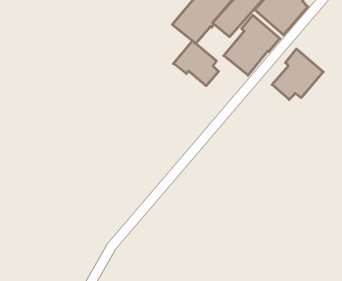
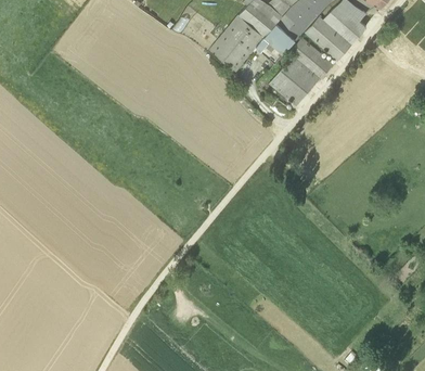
building: [173,41,219,86] -> none
building: [272,49,323,100] -> none

